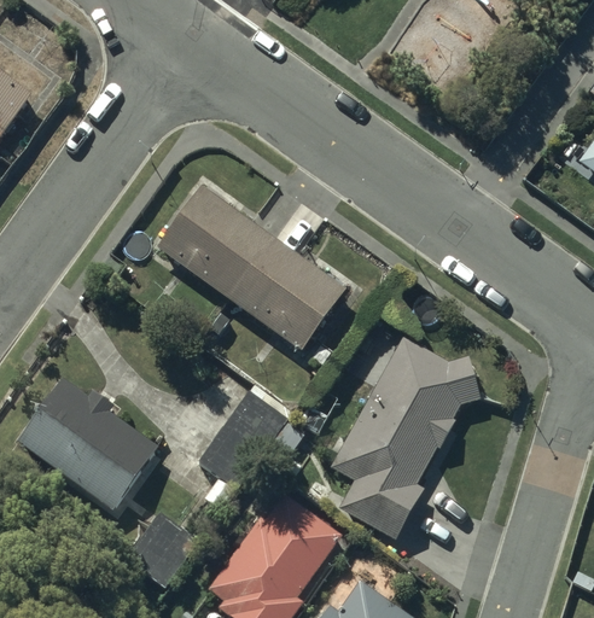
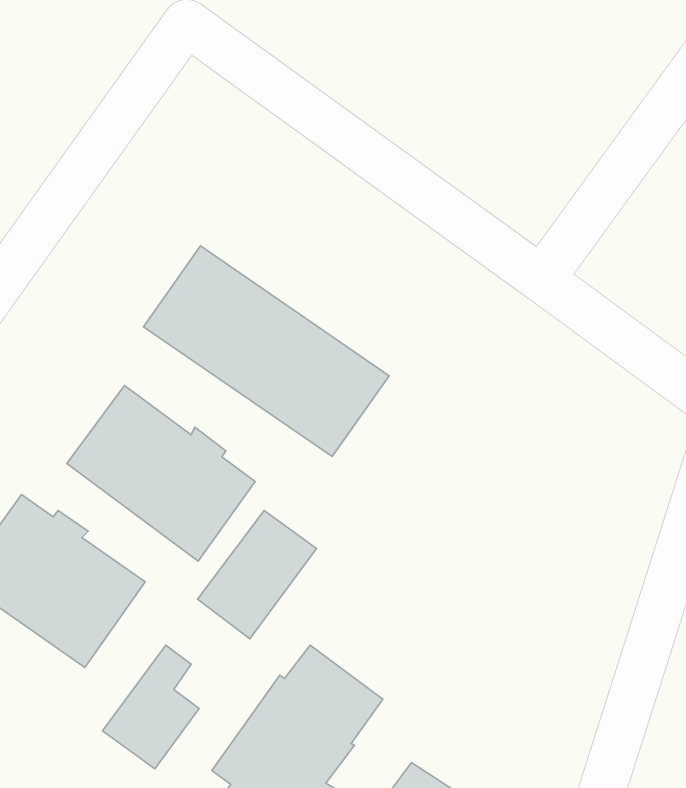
building: none -> [67,385,255,561]
building: [331,333,481,538] -> none

